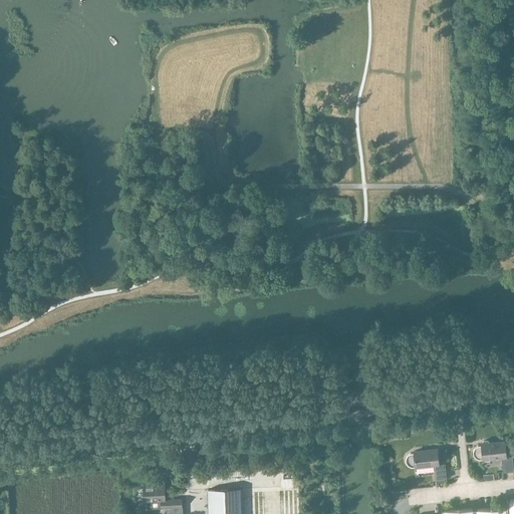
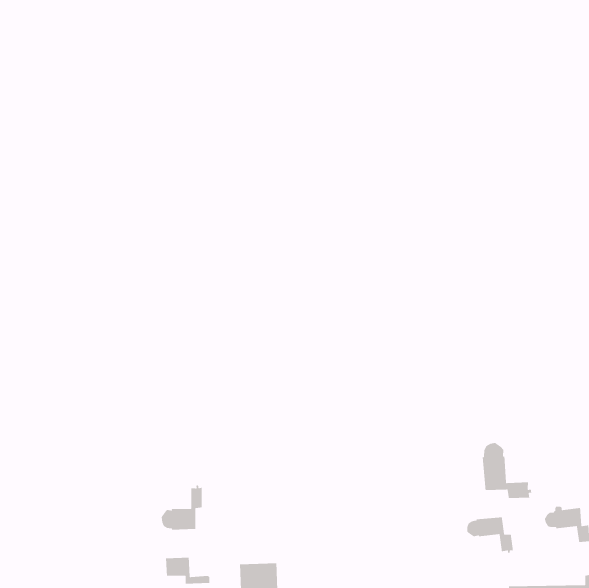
building: none -> [482,442,532,499]
building: none -> [161,485,203,531]

